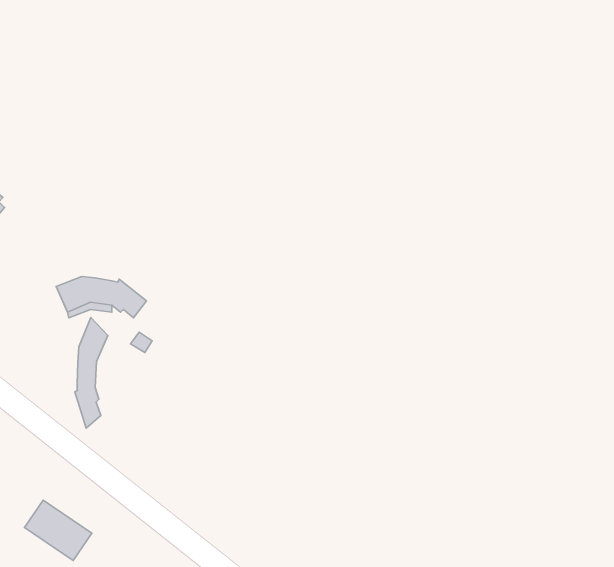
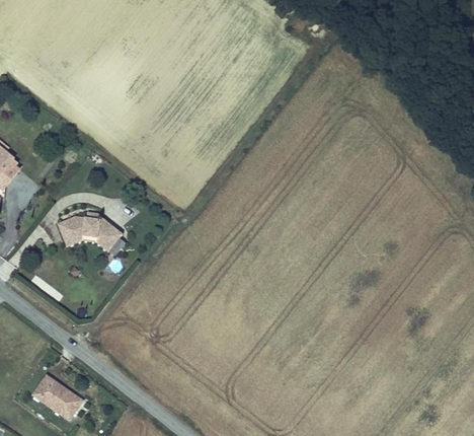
building: [75,317,108,428] -> none

